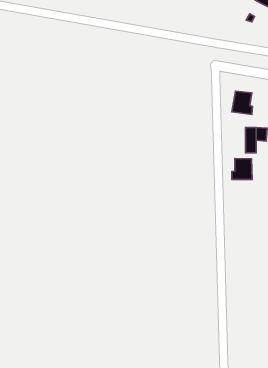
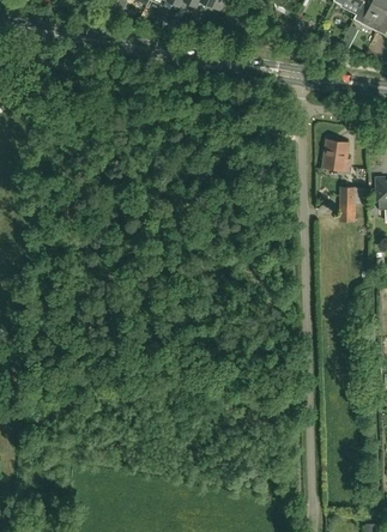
building: [232,159,252,180] -> none

